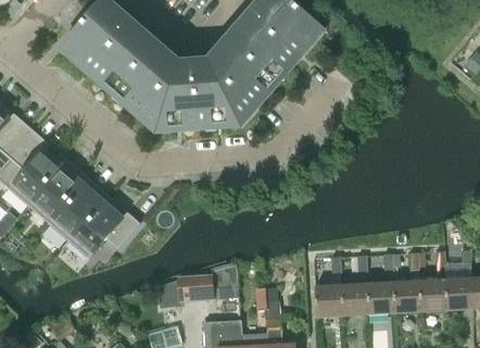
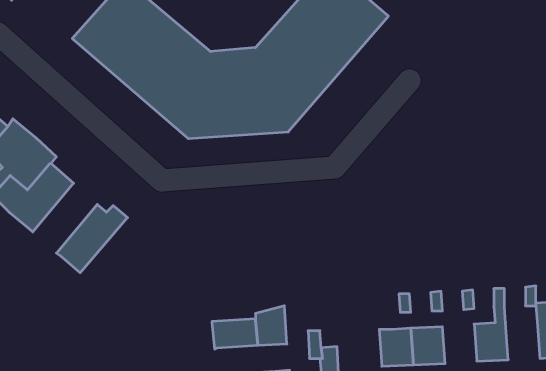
building: [28,160,81,223] -> none
building: [67,200,139,258] -> none
building: [418,279,446,311] -> none
building: [366,282,394,314] -> none

